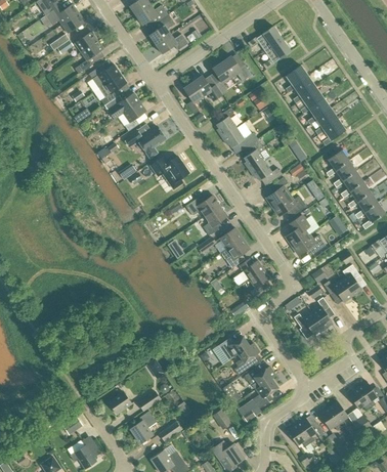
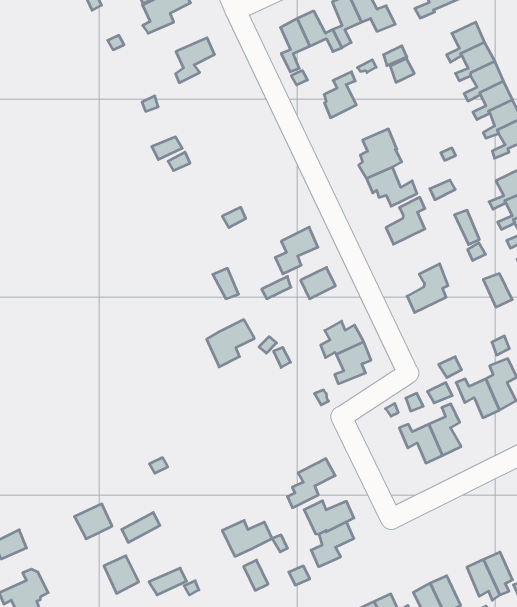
building: [104,92,140,119] -> none
building: [124,125,166,158] -> none
building: [222,127,258,148] -> none
building: [149,156,189,188] -> none
building: [185,195,220,216] -> none
building: [272,195,306,216] -> none
building: [292,233,326,255] -> none
building: [221,238,250,268] -> [207,320,254,367]
building: [218,336,249,359] -> [222,520,272,556]

